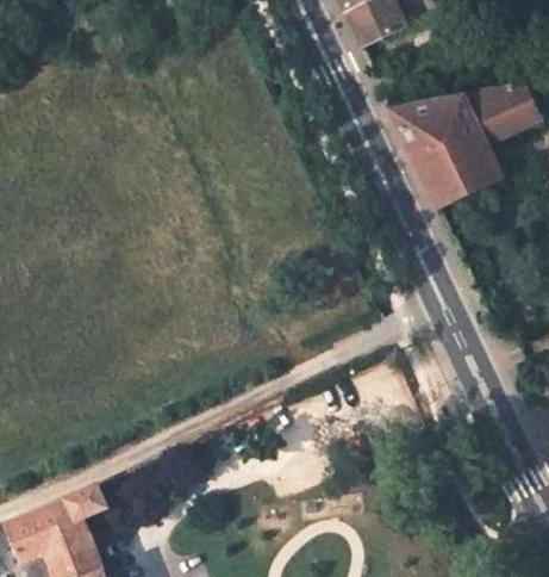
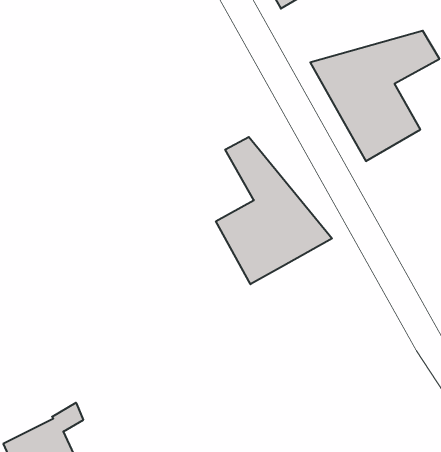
building: none -> [216,137,332,284]

